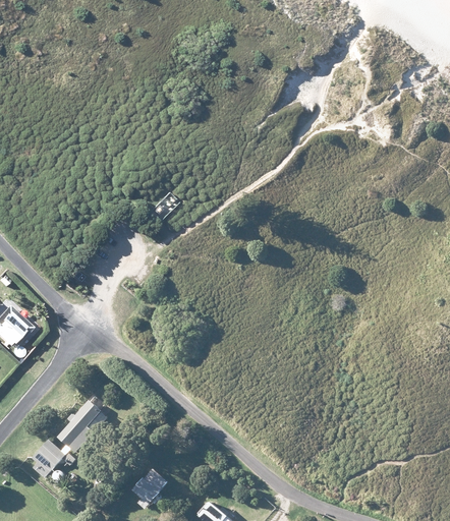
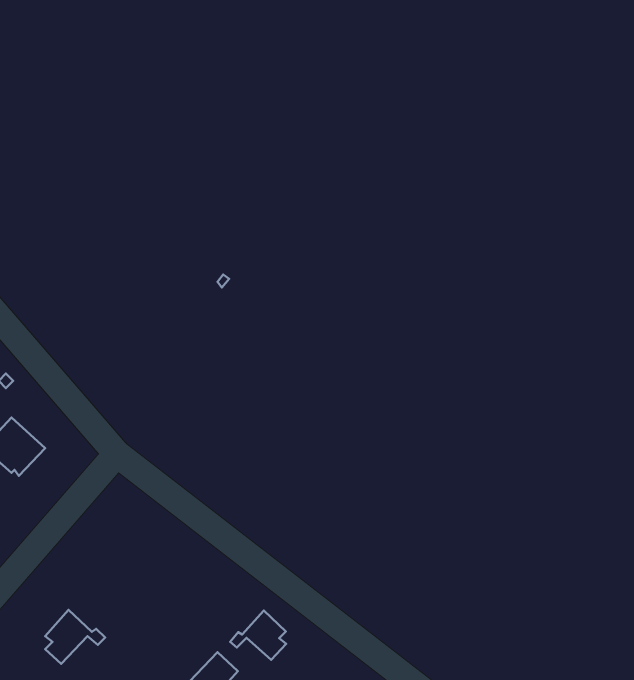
building: [58,400,100,452] -> none
building: none -> [230,610,286,660]

